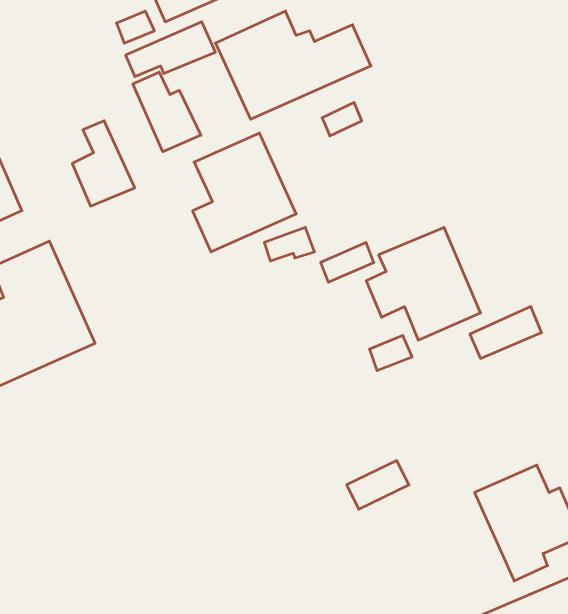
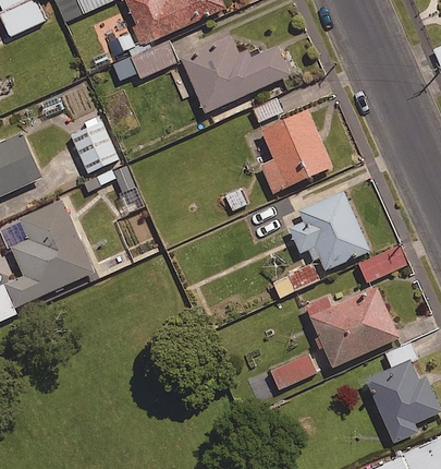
building: [133,72,201,152] -> none
building: [193,133,296,252] -> [259,109,333,194]
building: none -> [309,285,400,368]

